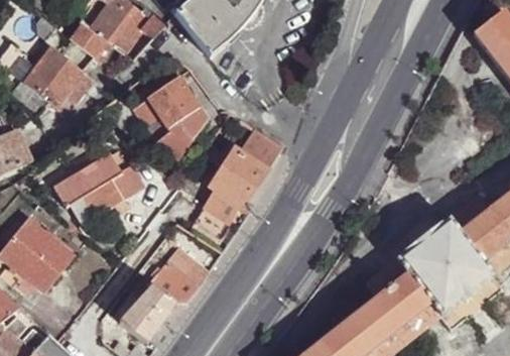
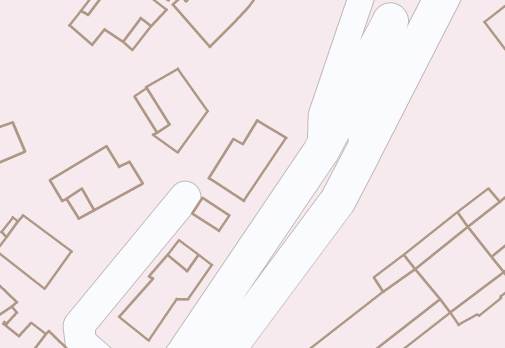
building: [7,43,94,119] -> none
building: [200,188,247,228] -> none

